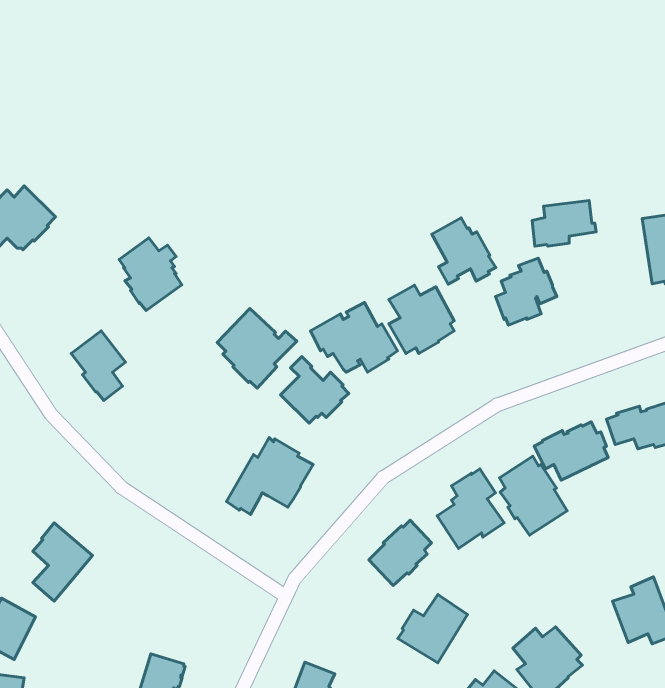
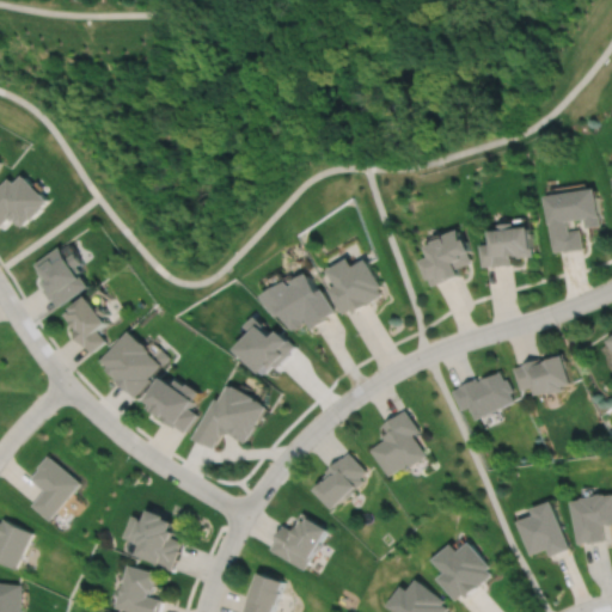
building: [532,201,596,246] -> [476,232,530,270]
building: [432,218,496,284] -> none
building: [119,238,182,311] -> [32,245,85,306]
building: [217,308,297,388] -> [99,330,166,397]
building: none -> [146,375,196,433]
building: [499,456,567,535] -> none
building: none -> [123,509,182,570]
building: [398,594,468,663] -> [267,513,325,570]

